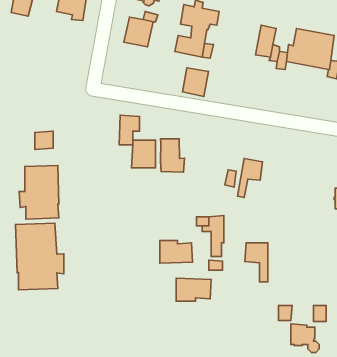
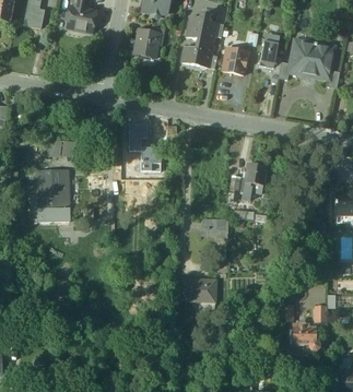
building: [182,68,209,96] -> [223,48,248,75]
building: [160,139,184,172] -> none
building: [15,223,64,290] -> none
building: [160,240,192,263] -> none
building: [245,243,268,282] -> none

